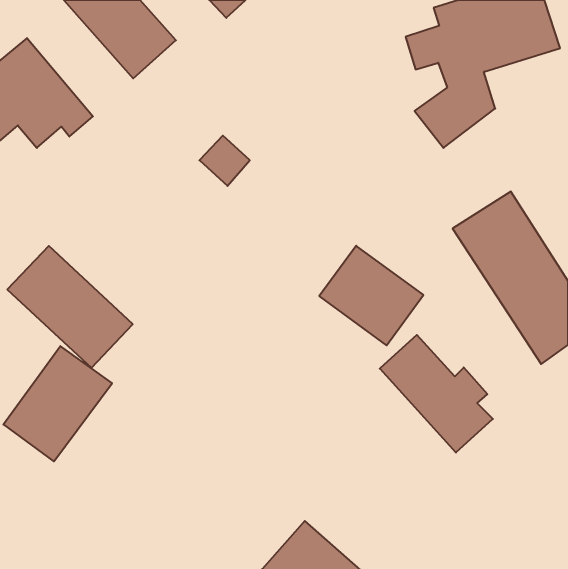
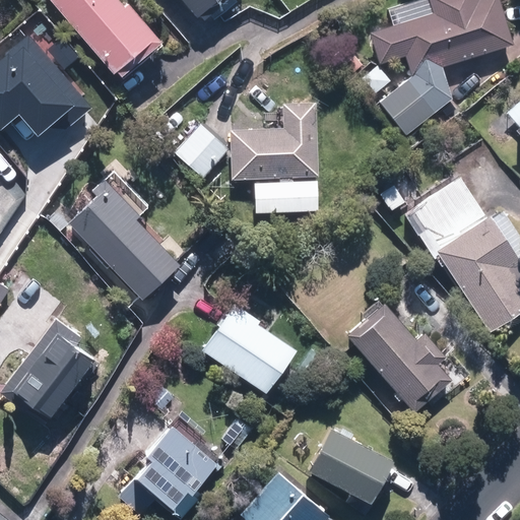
building: none -> [233,101,317,192]
building: [319,246,423,345] -> [202,301,297,391]
building: [7,246,133,368] -> [72,182,186,292]
building: none -> [139,419,218,509]
building: none -> [307,437,392,509]

